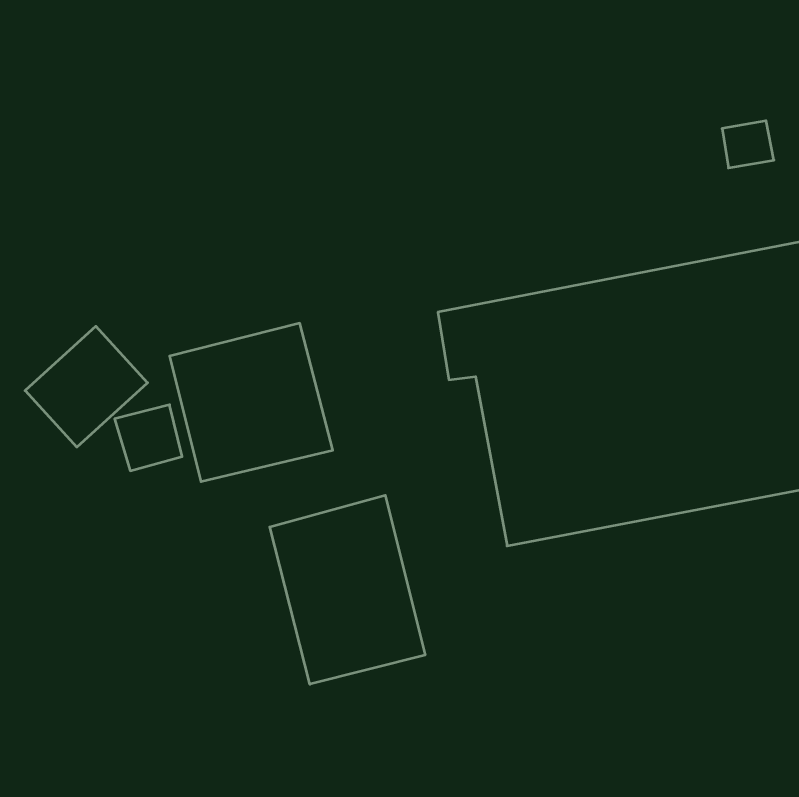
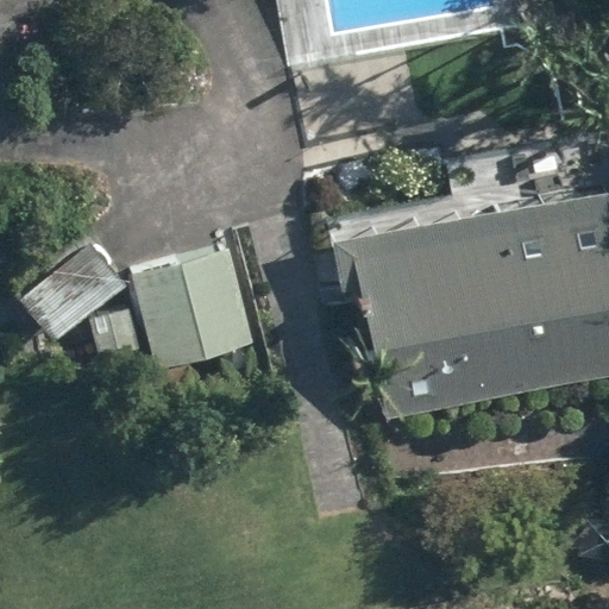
building: [270,495,425,684] -> none

